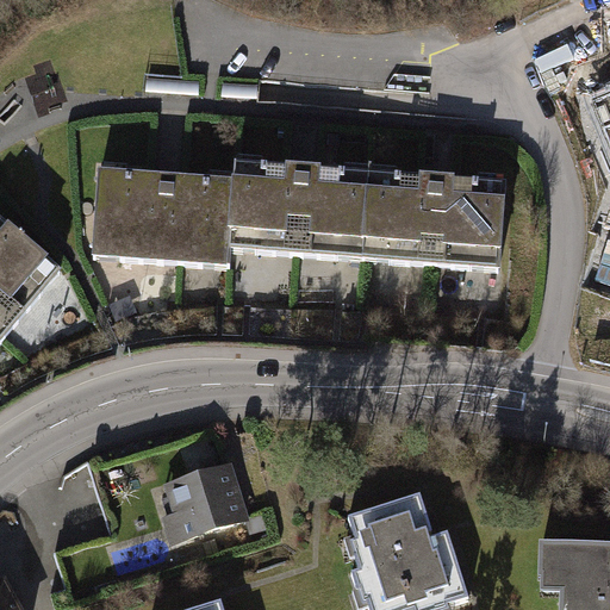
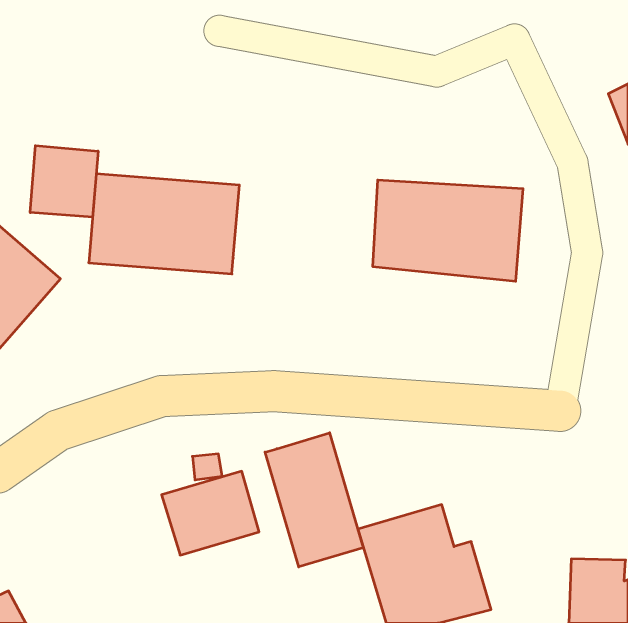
building: none -> [30,146,98,217]
building: [225,163,365,257] -> none
building: none -> [265,433,363,567]

